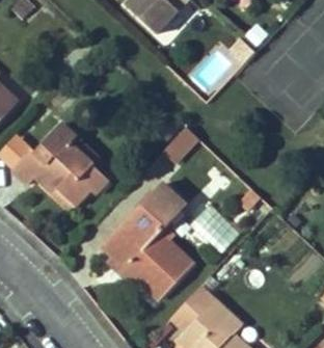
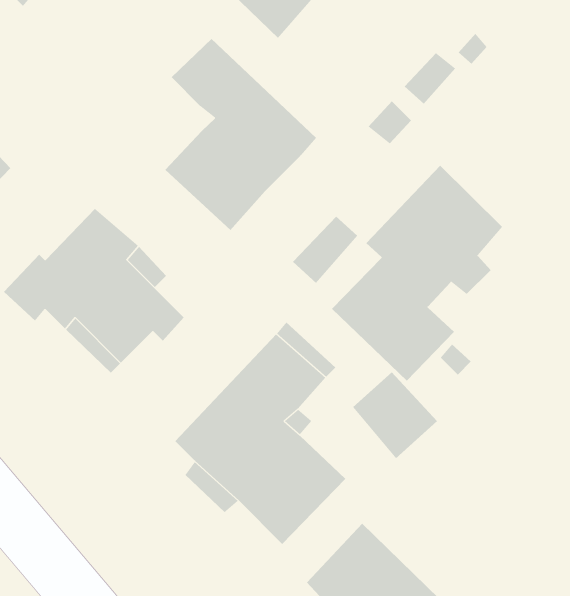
building: none -> [165,38,317,231]
building: none -> [331,165,503,381]

